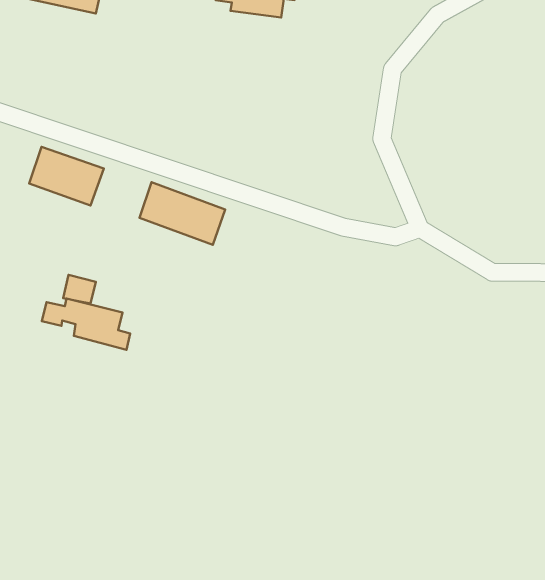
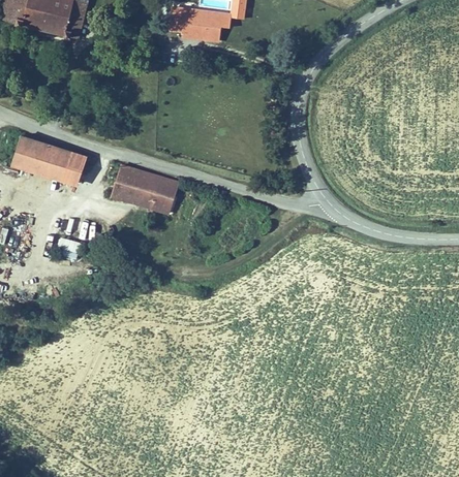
building: none -> [11,134,37,167]
building: [42,299,130,350] -> none

